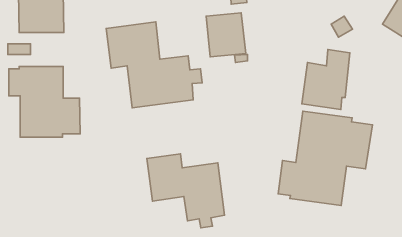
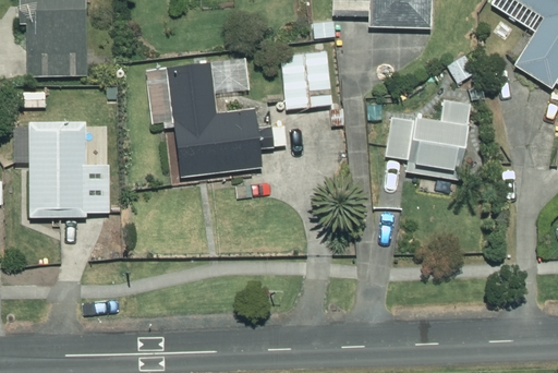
building: [278,111,373,205] -> none
building: [147,154,224,228] -> none

